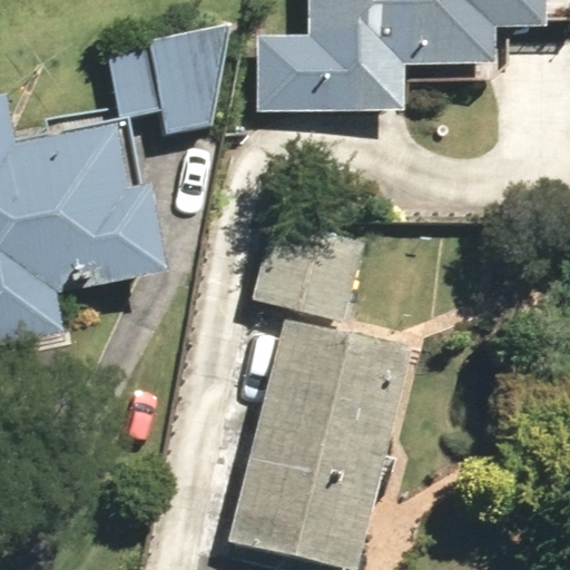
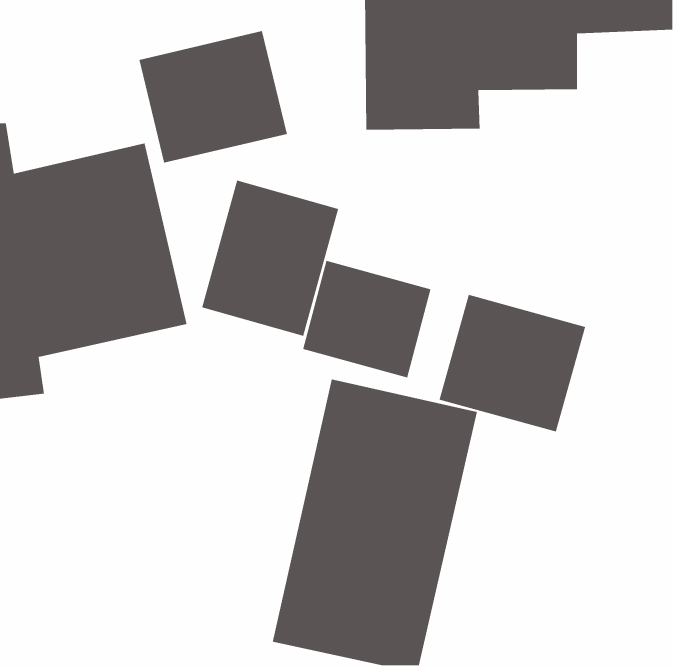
building: none -> [201,180,339,337]
building: none -> [438,294,586,432]

